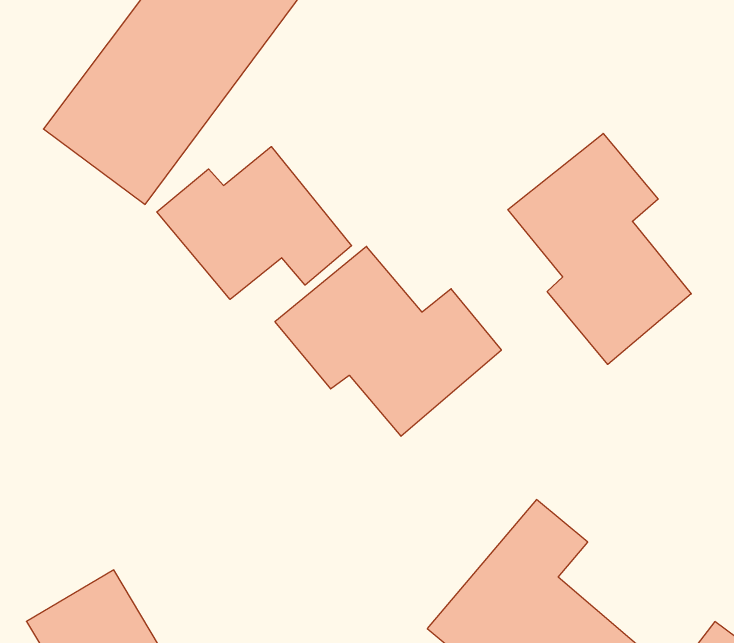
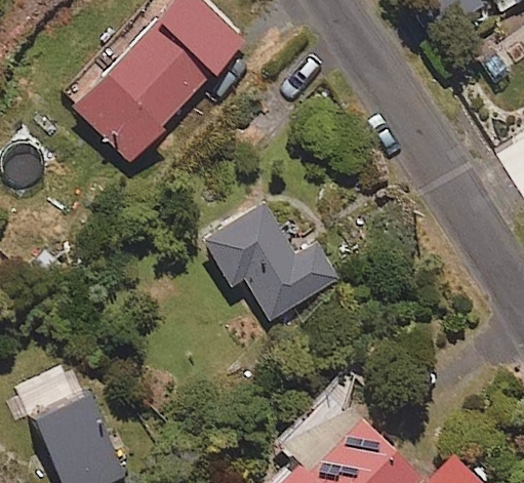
building: [508,133,691,364] -> none
building: [157,147,352,299] -> none

